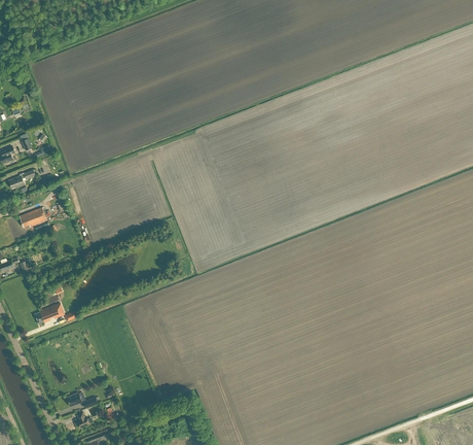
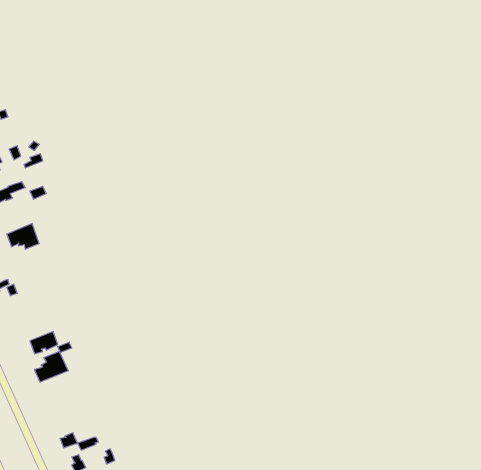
building: none -> [35,352,68,382]

